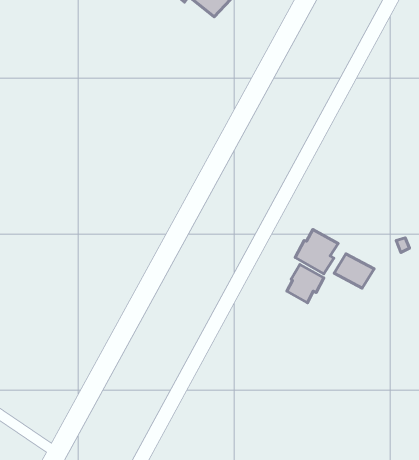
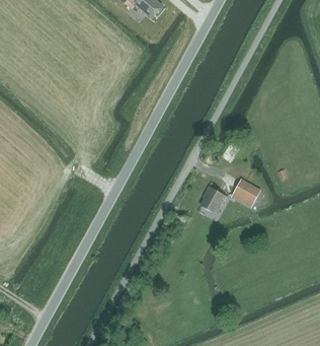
building: [295,229,338,274] -> none

